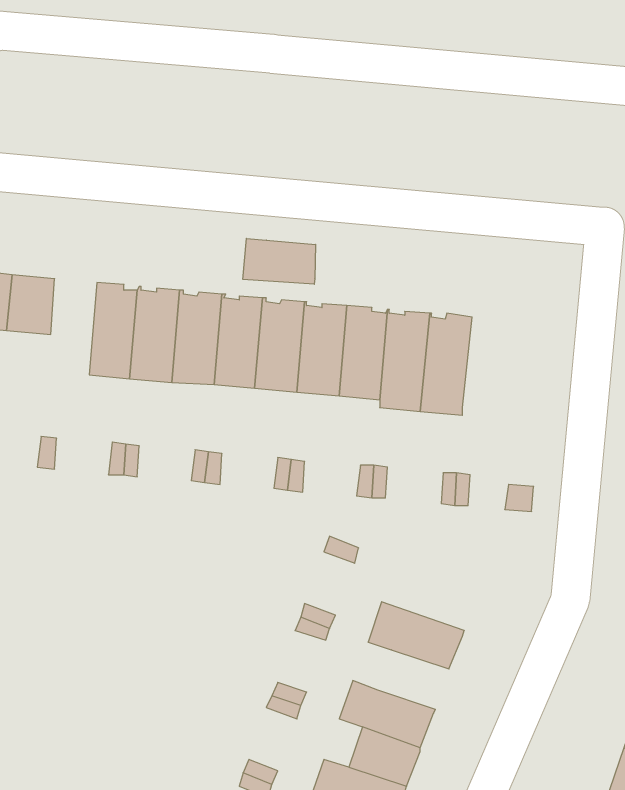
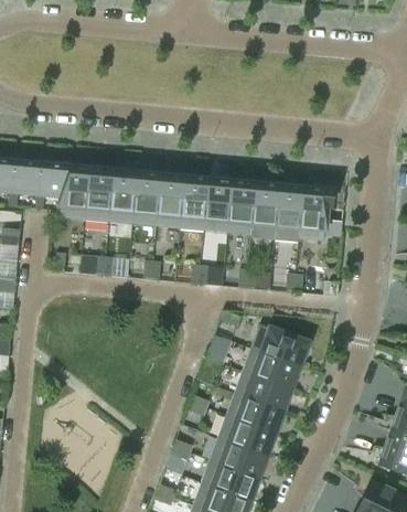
building: [243,238,316,284] -> none
building: none -> [61,164,89,220]
building: none -> [299,186,334,241]
building: none -> [253,327,308,366]
building: none -> [250,377,291,412]

